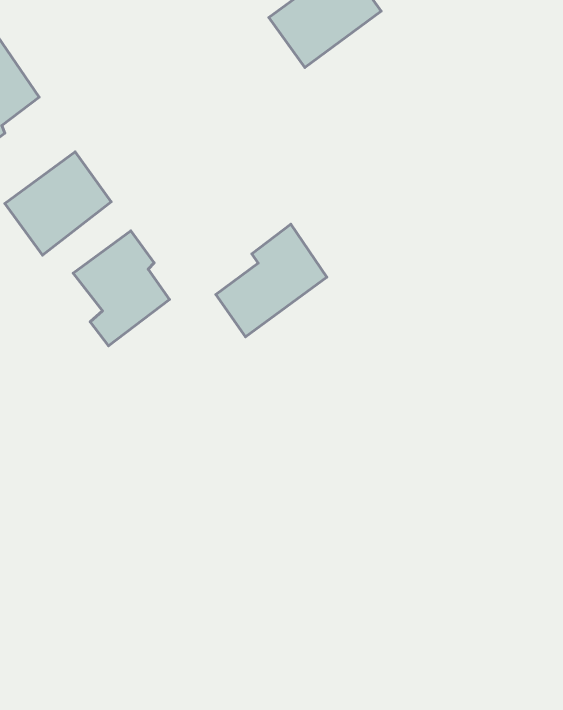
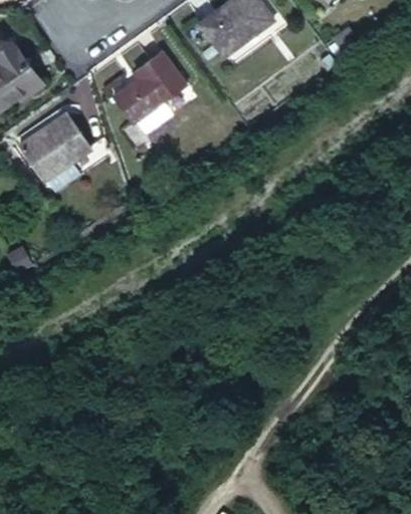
building: [216,224,327,337] -> [109,52,180,124]
building: [73,231,169,346] -> none

